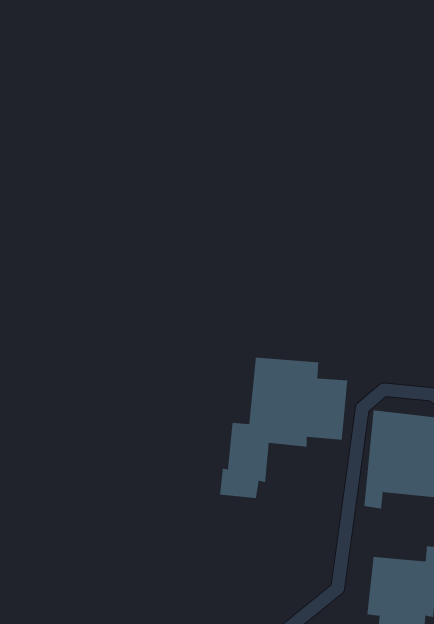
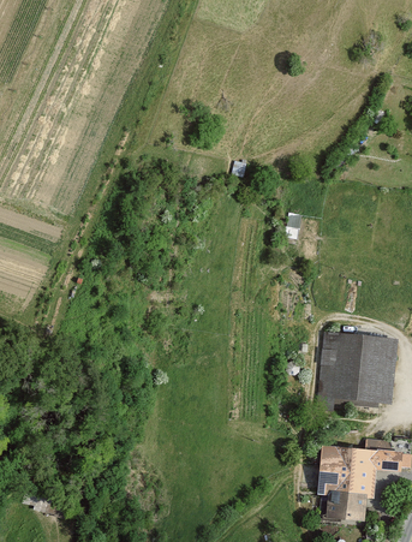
building: [219,357,348,499] -> none

